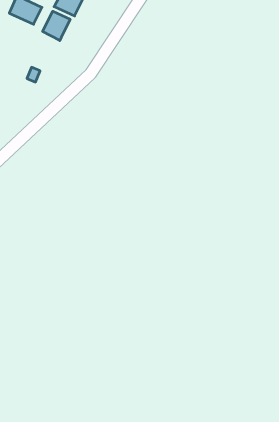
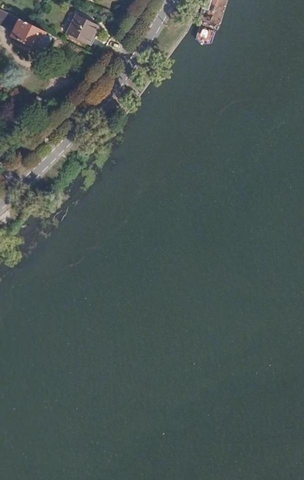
building: [43,11,70,41] -> none

